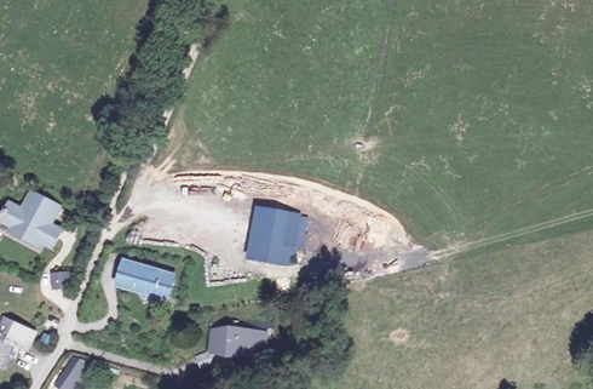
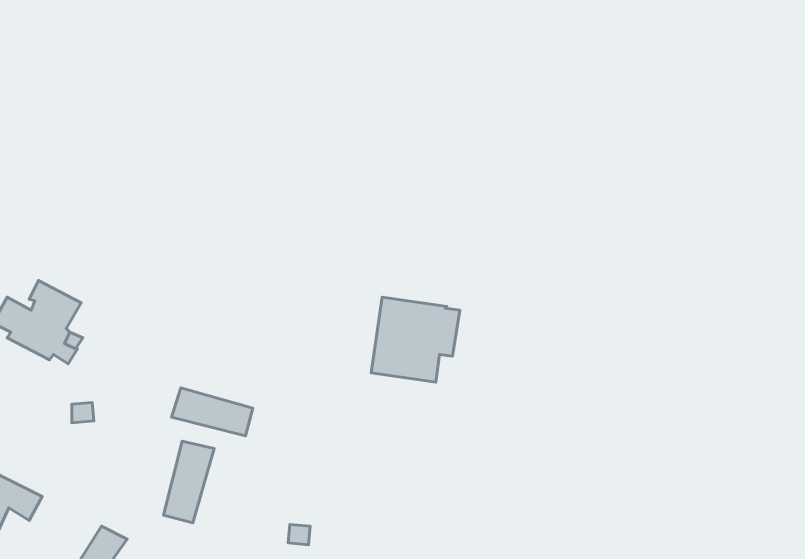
building: none -> [164,441,214,523]
building: [212,327,264,364] -> none

